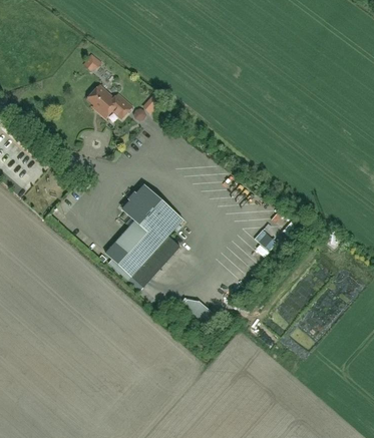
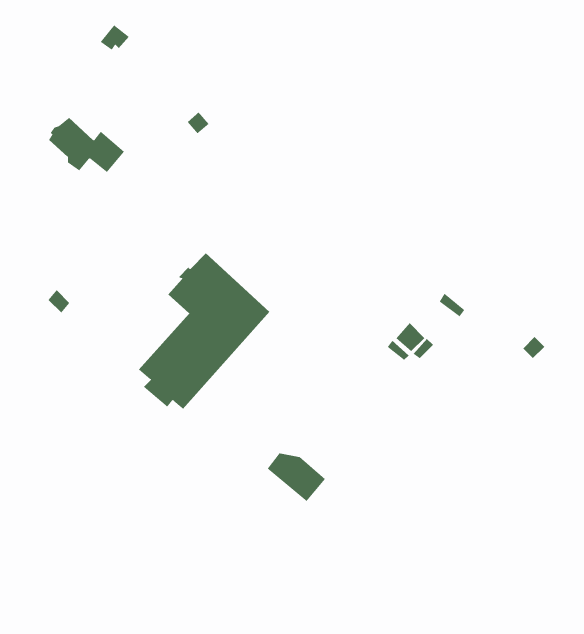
building: [88,84,132,116] -> [48,117,125,173]

